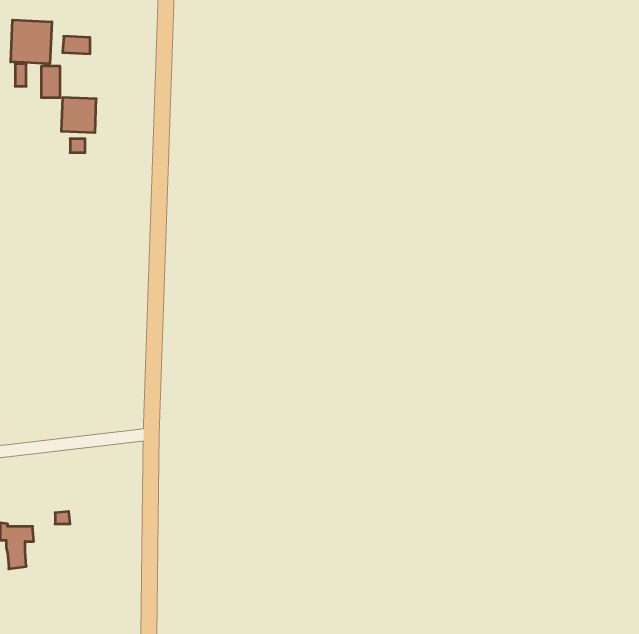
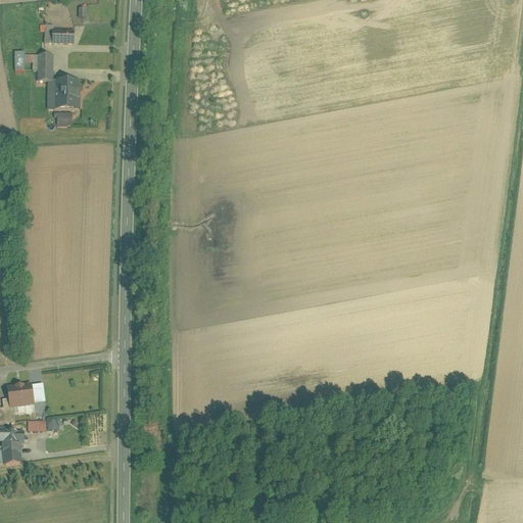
building: [11,20,52,64] -> none
building: none -> [5,381,33,406]

